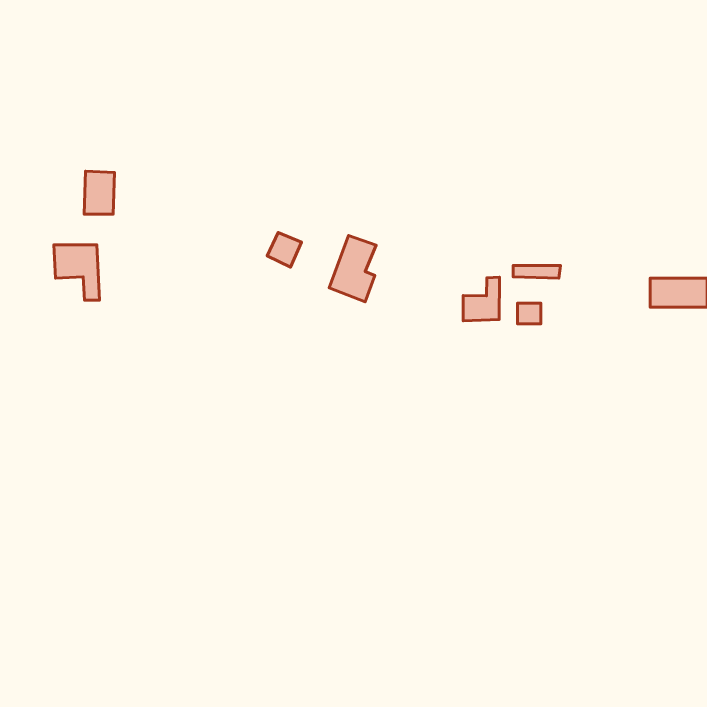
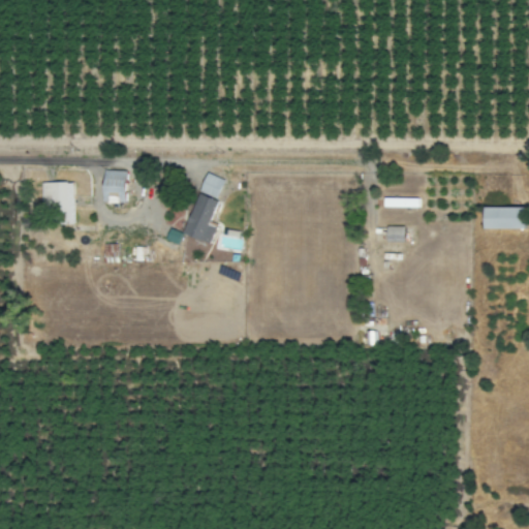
building: [84,171,115,214] -> [104,170,127,203]
building: [329,235,376,302] -> [183,194,218,244]
building: [463,277,500,321] -> none

